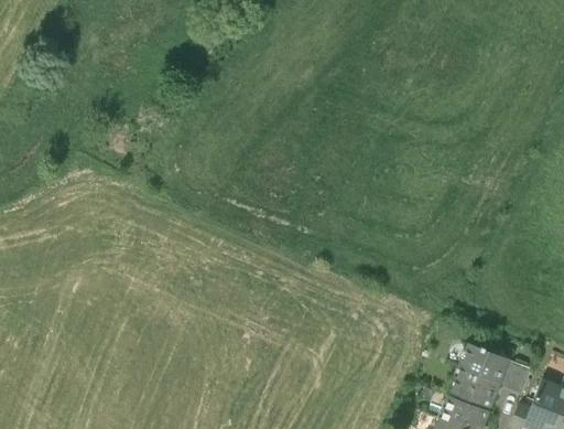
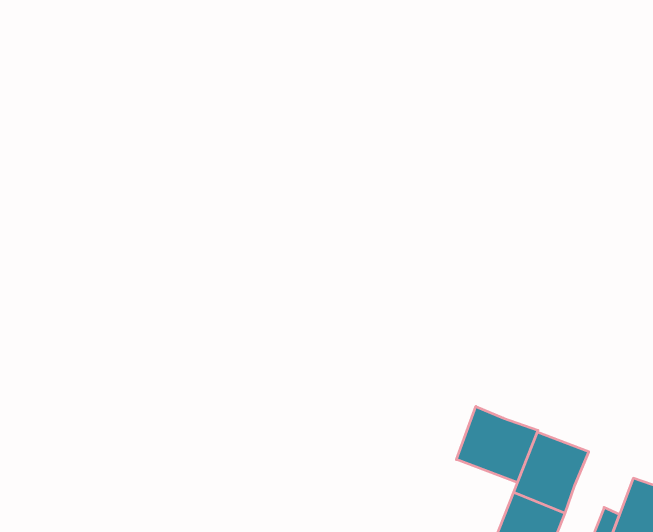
building: none -> [456,406,538,483]
building: [498,361,535,397] -> none

